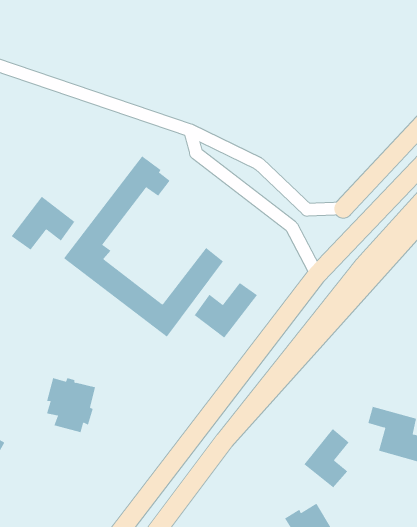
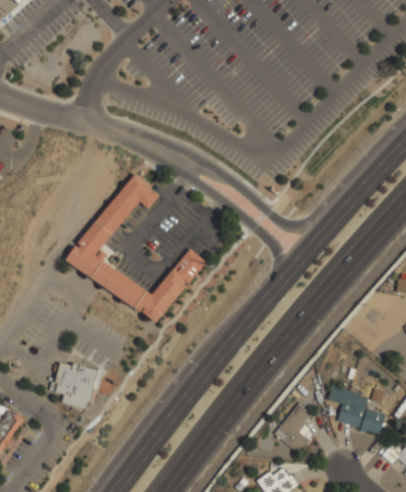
building: [11,196,75,250] -> none
building: [194,282,258,339] -> none

